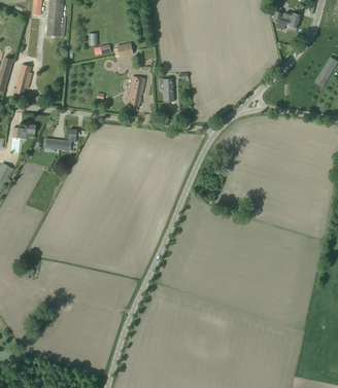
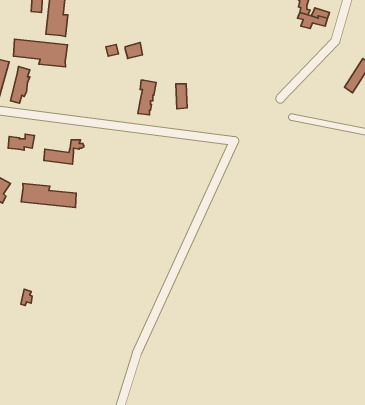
building: none -> [14,39,67,67]
building: none -> [21,183,76,207]

